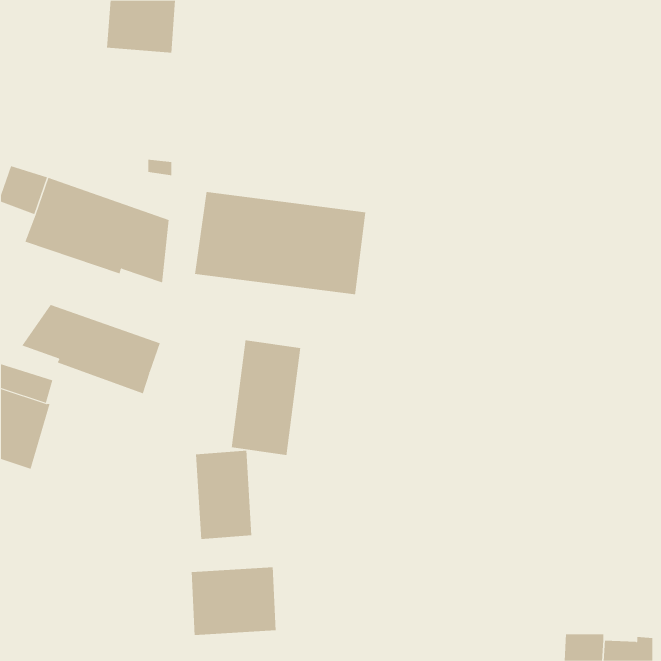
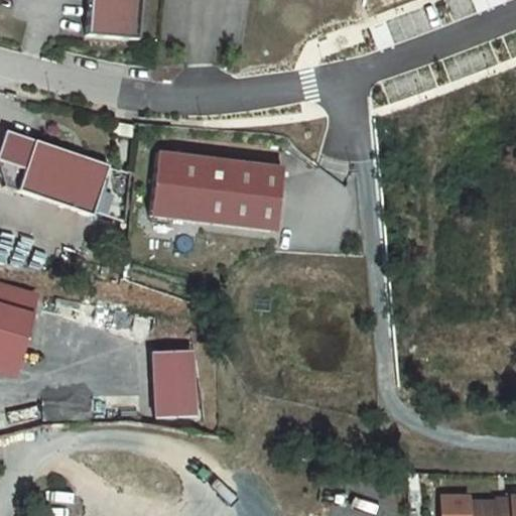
building: [21,304,161,394] -> none
building: [231,340,301,456] -> none
building: [191,566,276,636] -> none

